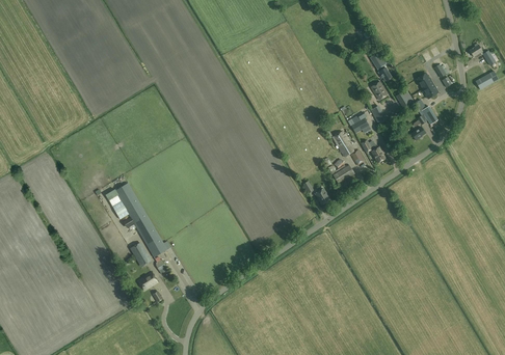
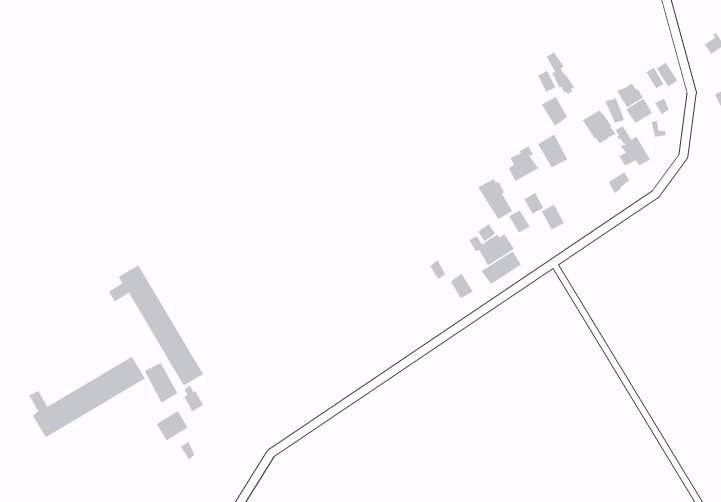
building: none -> [29,356,146,438]

